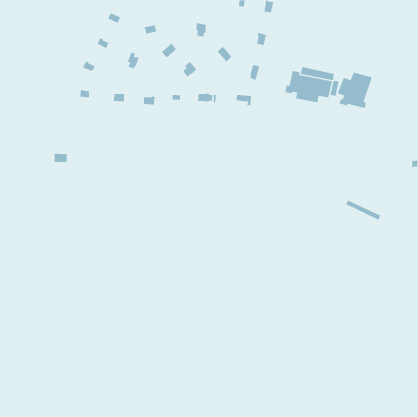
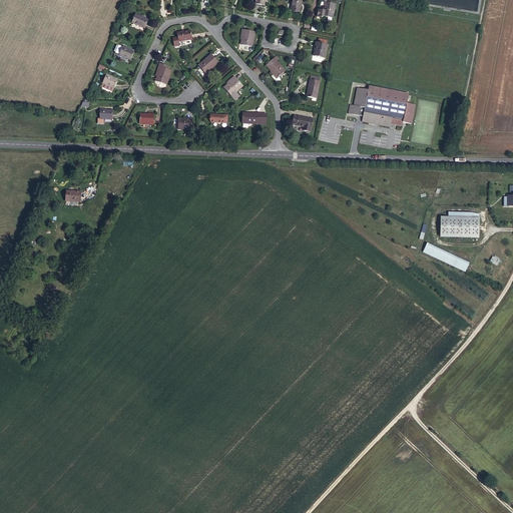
building: [337,72,373,109] -> none
building: none -> [441,216,479,237]

